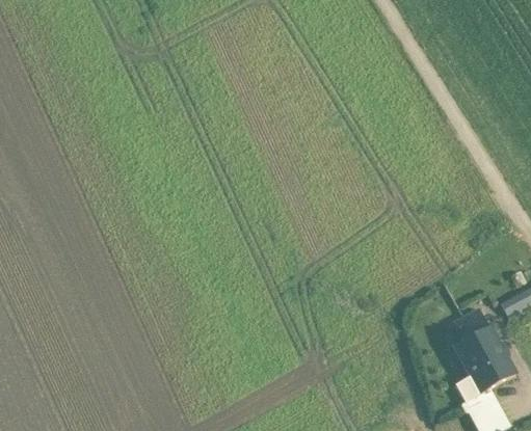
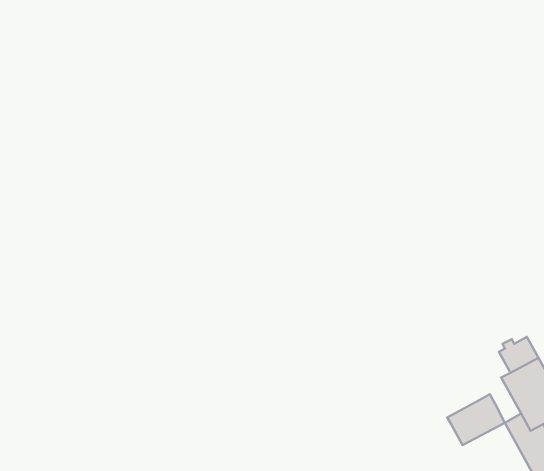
building: none -> [447,394,505,445]

